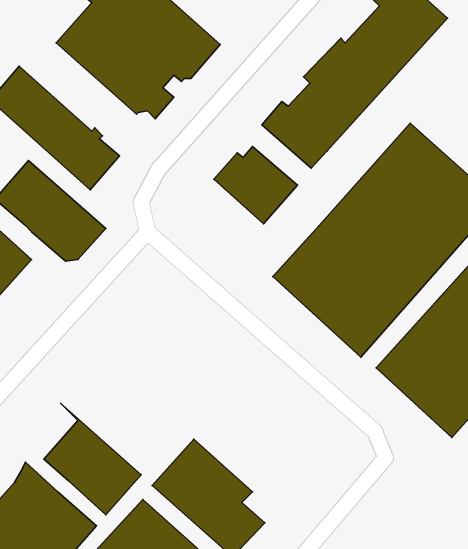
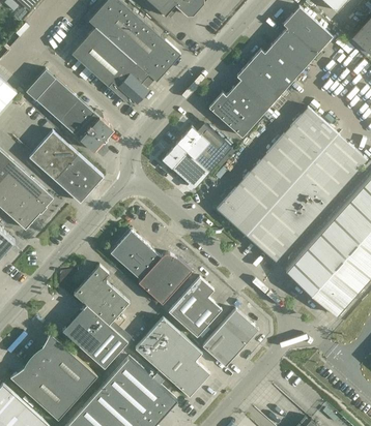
building: none -> [162,144,209,189]
building: none -> [110,231,191,304]
building: none -> [74,266,132,341]
building: none -> [168,277,222,338]
building: none -> [202,310,258,368]

